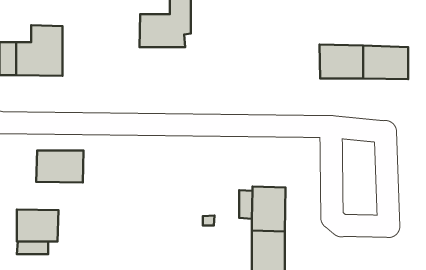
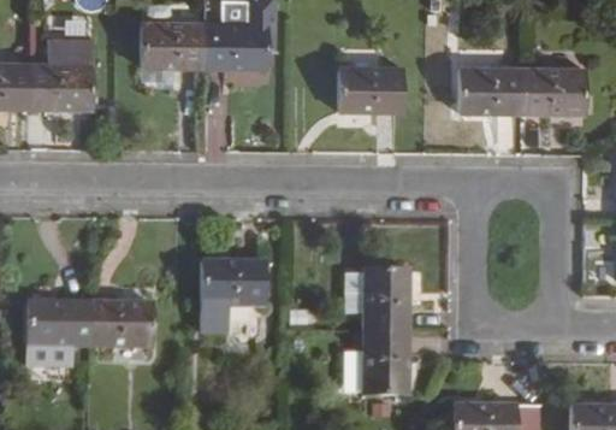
building: none -> [140,22,202,70]
building: none -> [337,66,401,113]
building: [36,150,84,183] -> [84,302,152,348]
building: none -> [200,260,265,331]

